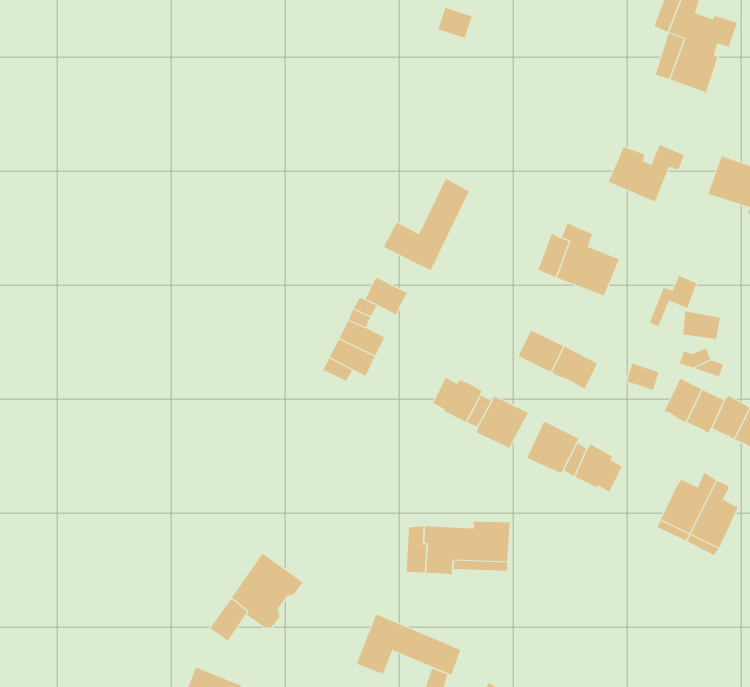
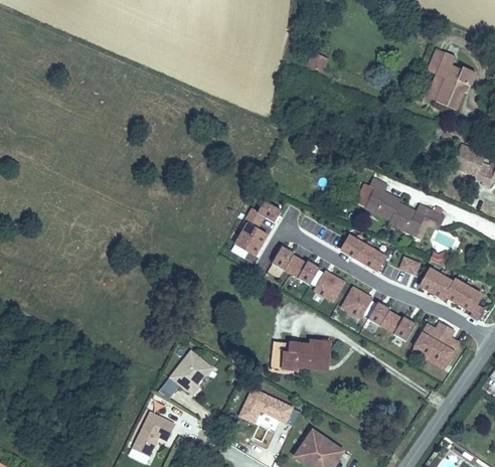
building: [607,144,685,202] -> [389,203,434,236]
building: [383,178,470,271] -> none
building: none -> [272,246,300,273]
building: none -> [387,315,421,343]

